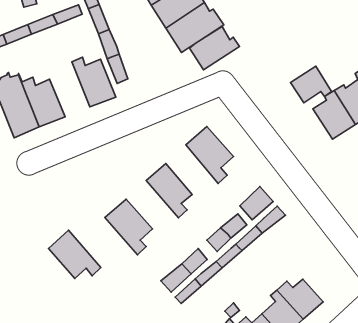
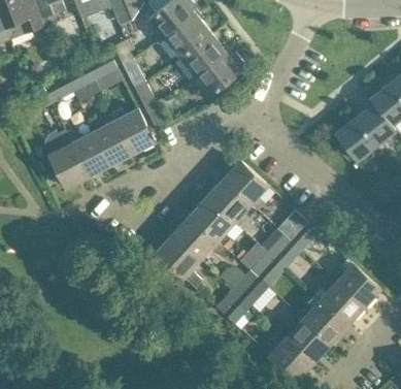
building: [189,26,240,70] -> none
building: none -> [93,115,132,165]
building: [290,66,332,103] -> none
building: none -> [206,180,256,224]
building: [48,230,101,278] -> [173,216,223,259]
building: none -> [340,259,380,310]

